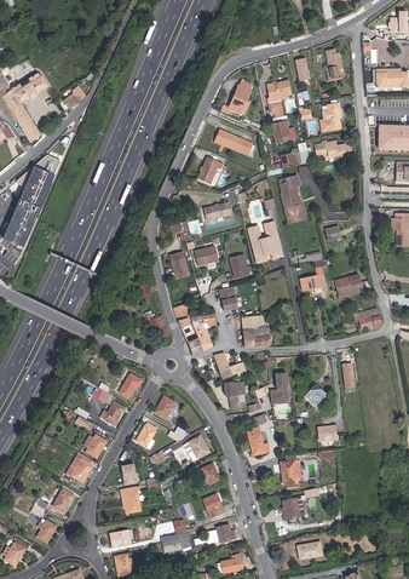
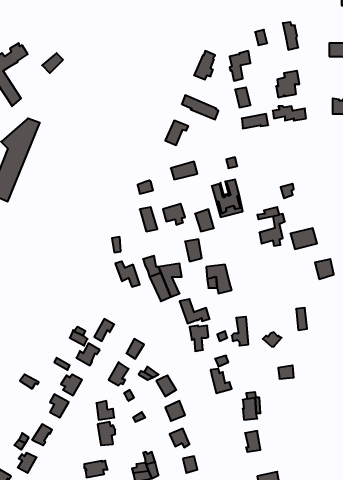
building: [280,174,304,218] -> none

